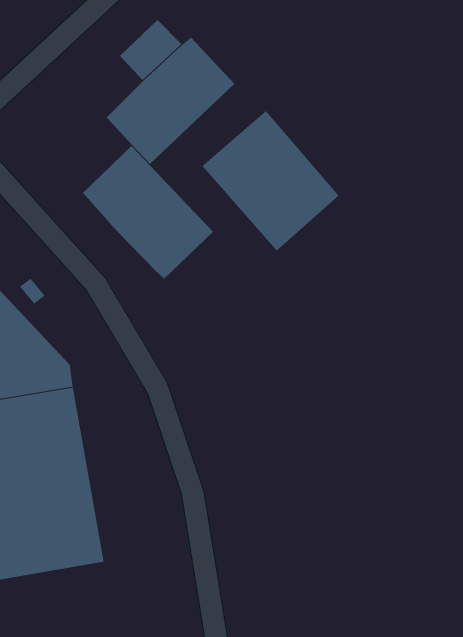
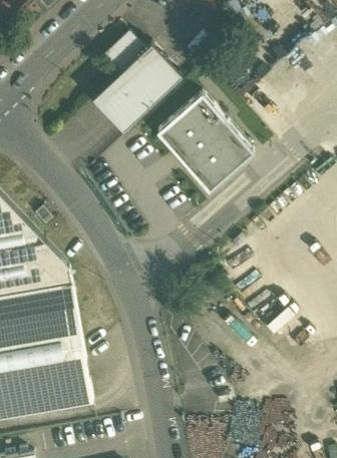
building: [82,145,214,279] -> none

